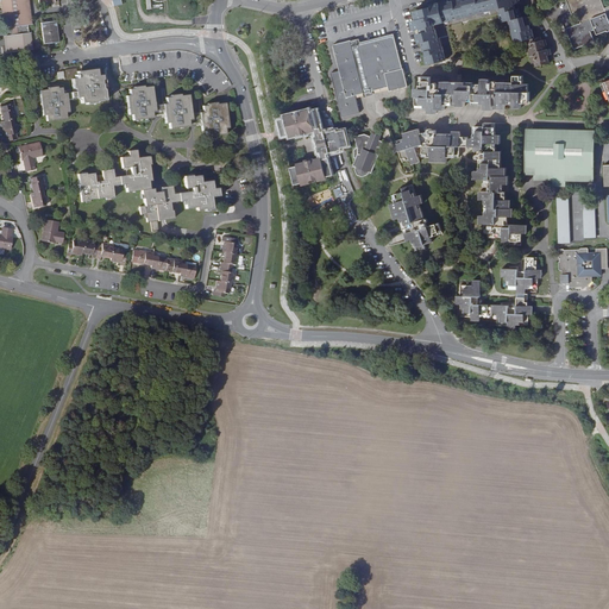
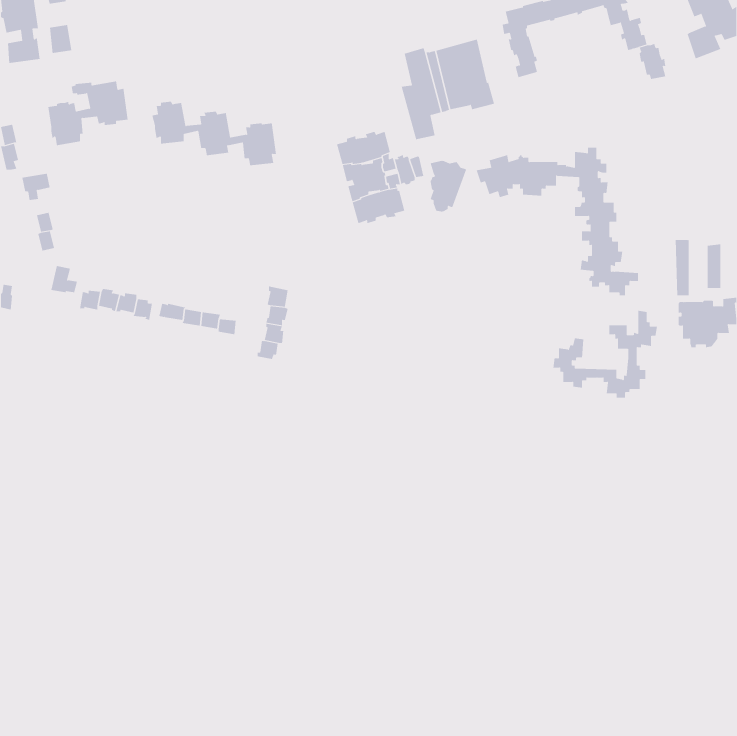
building: [414,74,530,113] -> none
building: [527,133,594,181] -> none
building: [77,150,219,222] -> none
building: [390,184,441,250] -> none

